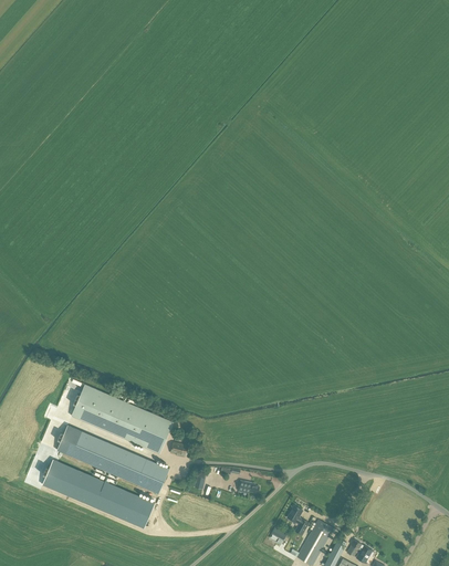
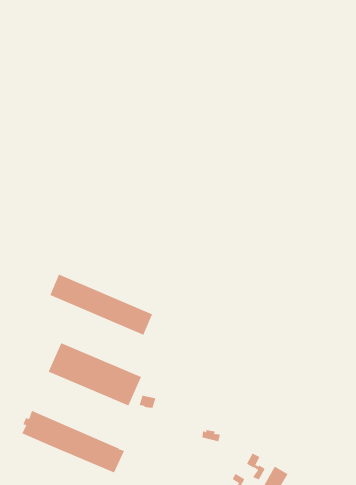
building: [56,426,169,493] -> [50,274,153,336]

